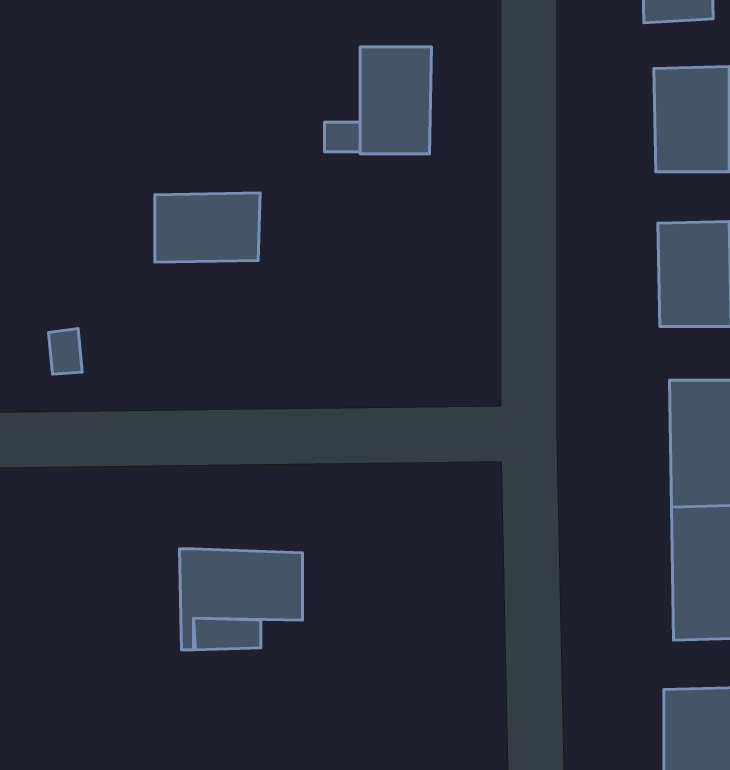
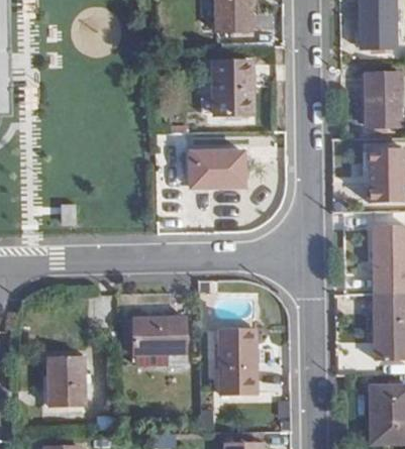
building: [155,193,260,262] -> [190,151,243,187]
building: none -> [221,329,257,396]
building: none -> [46,357,83,405]

